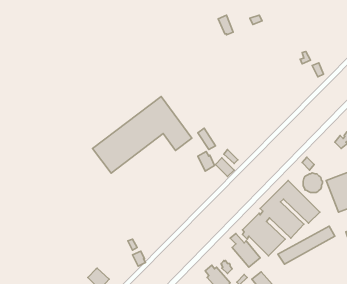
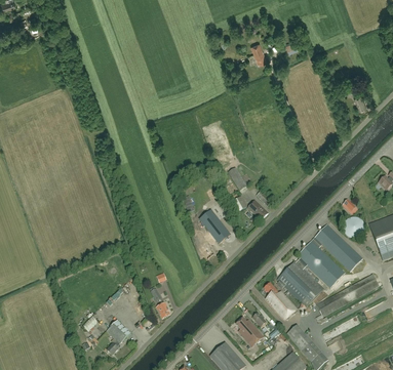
building: [92,96,192,173] -> none
building: none -> [200,209,230,243]

